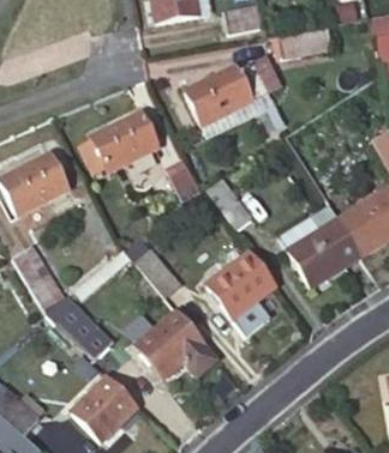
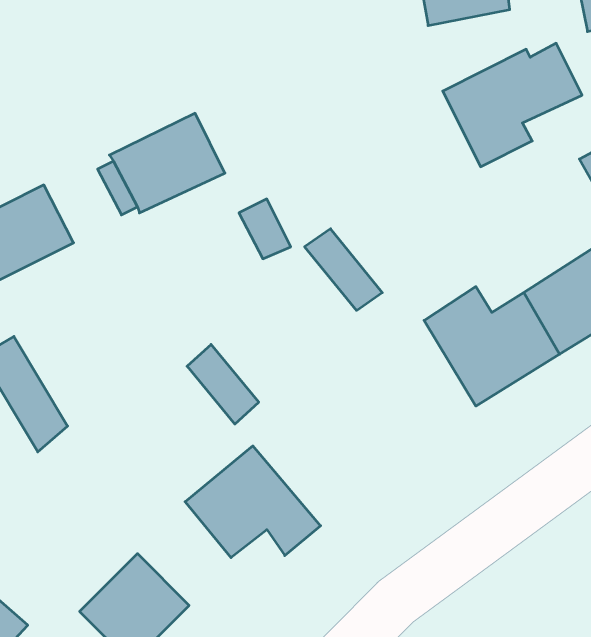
building: [185,61,269,135] -> [443,43,582,167]
building: [208,250,276,318] -> none
building: [47,296,113,361] -> none

